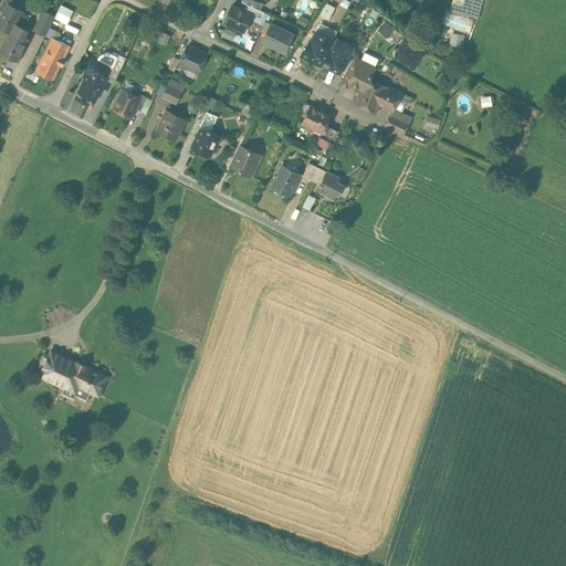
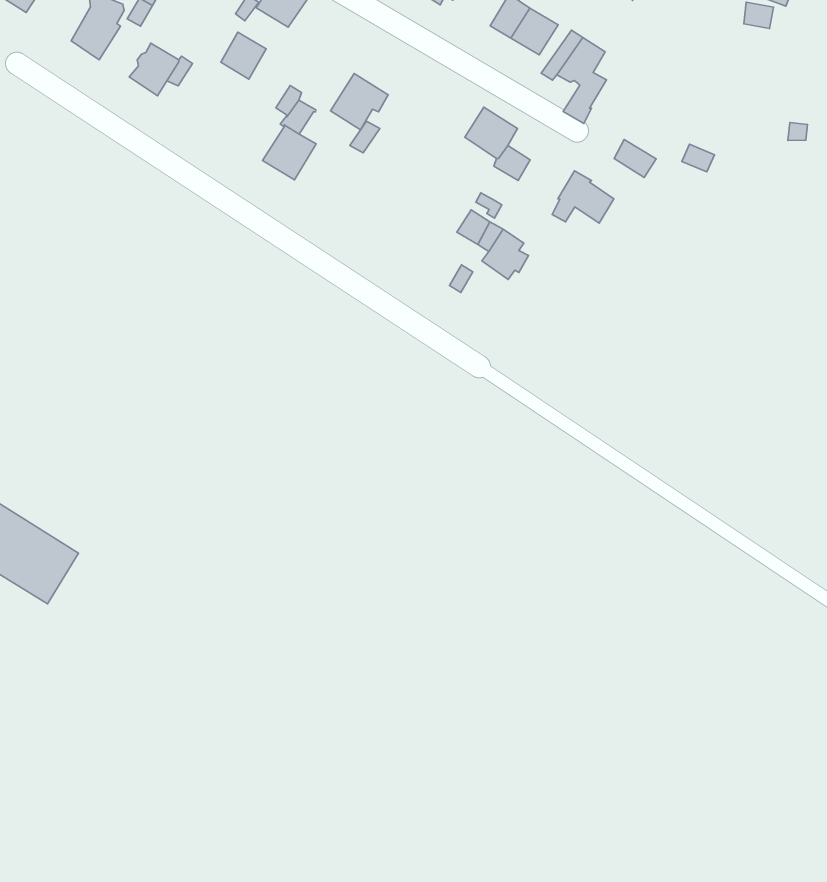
building: [367,83,400,112] -> [552,171,614,223]
building: [157,109,186,140] -> none
building: [231,145,262,176] -> [330,73,388,130]
building: [271,165,301,196] -> none

